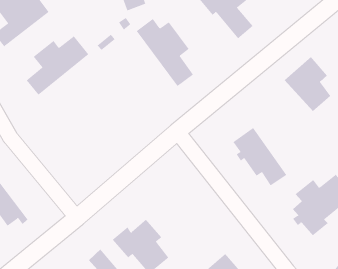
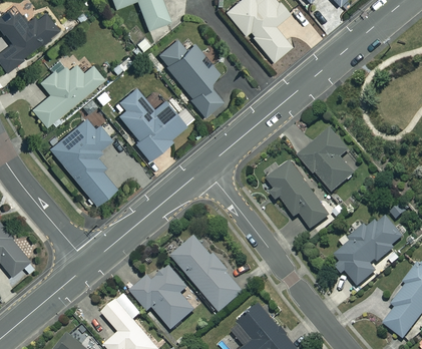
building: [284,56,331,112] -> [299,128,353,192]
building: none -> [117,87,184,158]
building: none -> [50,115,114,201]
building: none -> [171,237,244,312]

